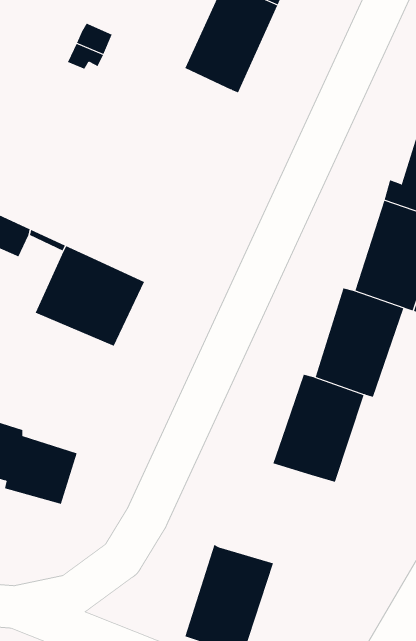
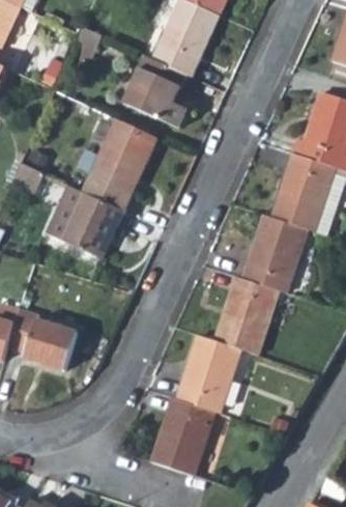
building: none -> [122,55,186,128]
building: none -> [81,118,157,210]
building: none -> [176,334,240,412]

